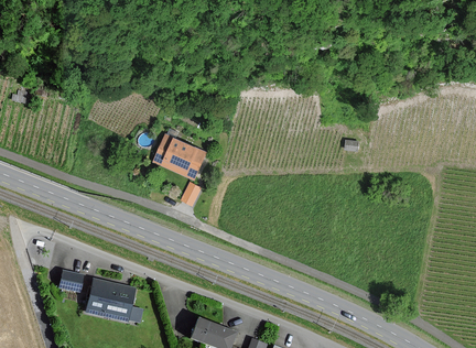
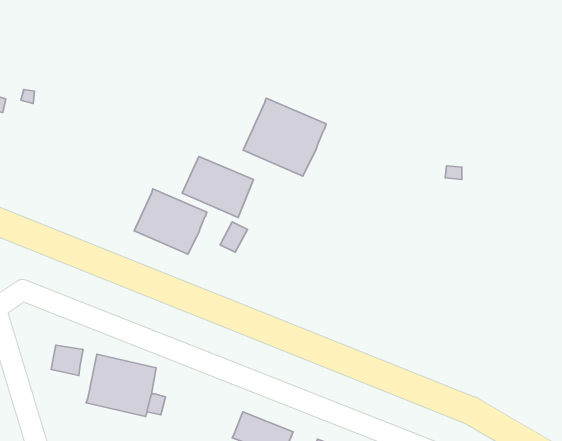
building: none -> [243,98,326,176]
building: none -> [134,189,207,254]

